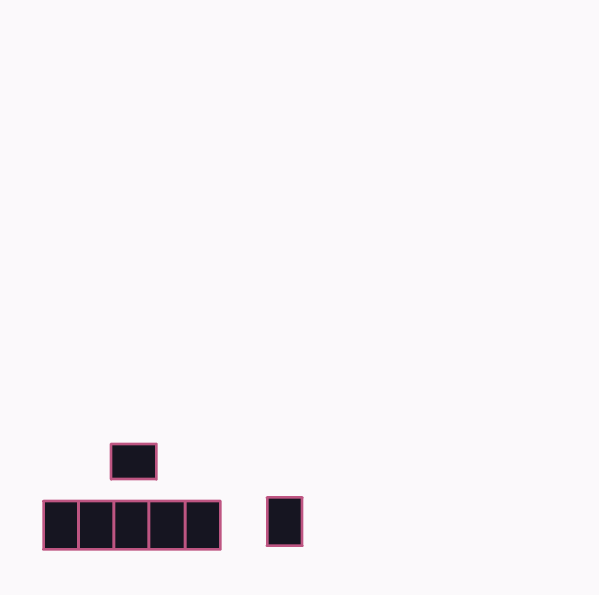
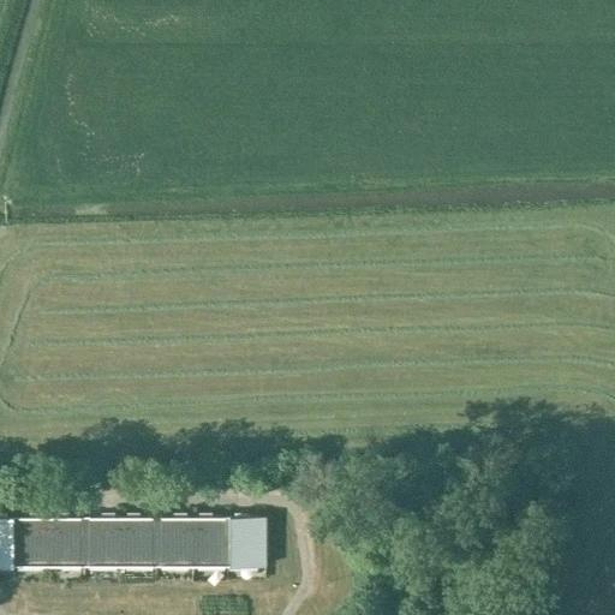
building: [111,444,156,479] -> none
building: [267,498,302,546] -> [226,518,262,567]
building: none -> [8,518,44,567]

